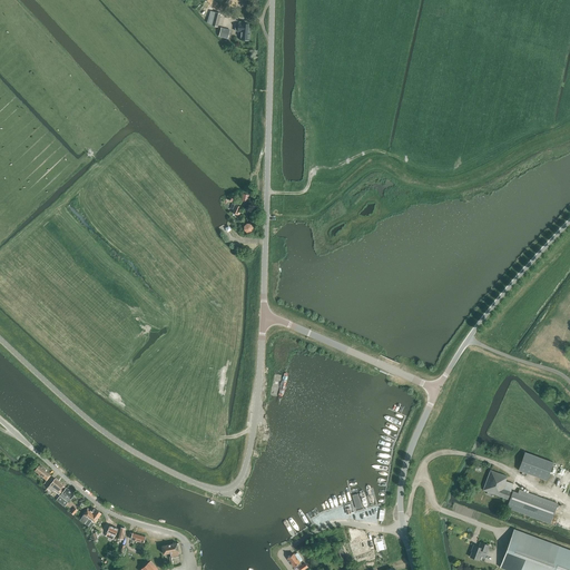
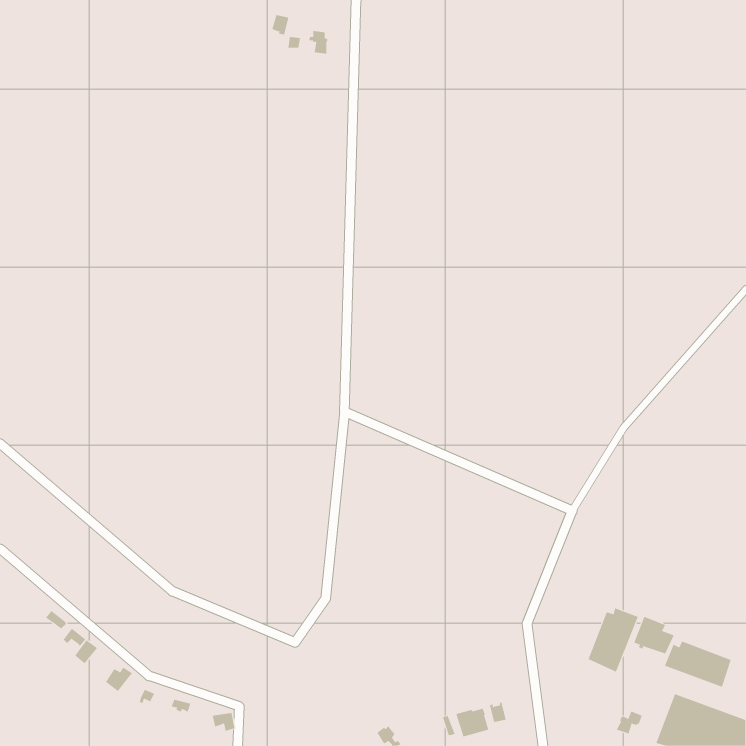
building: [519,454,553,482] -> none
building: none -> [588,607,638,673]

